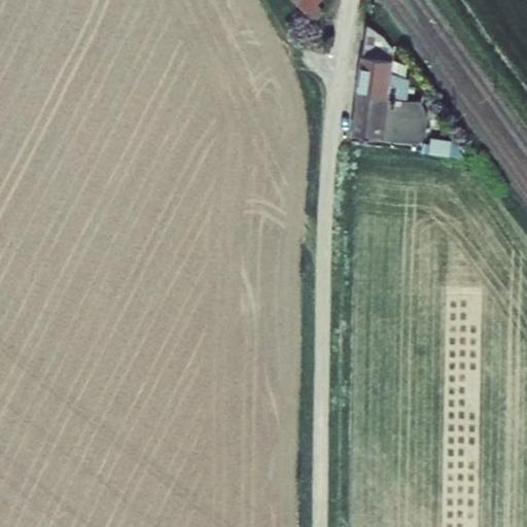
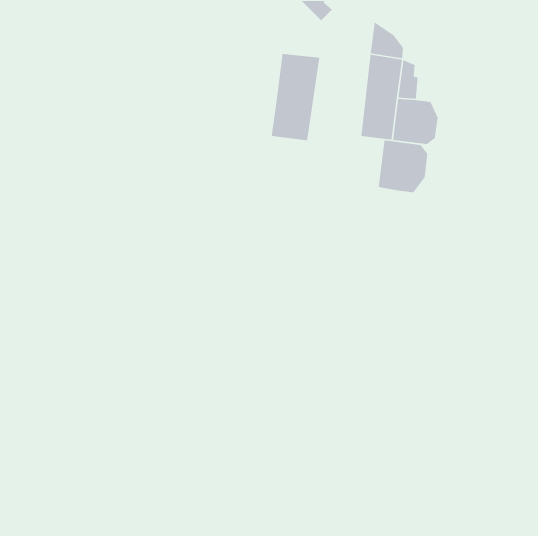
building: none -> [271,53,320,141]
building: none -> [378,140,428,193]

